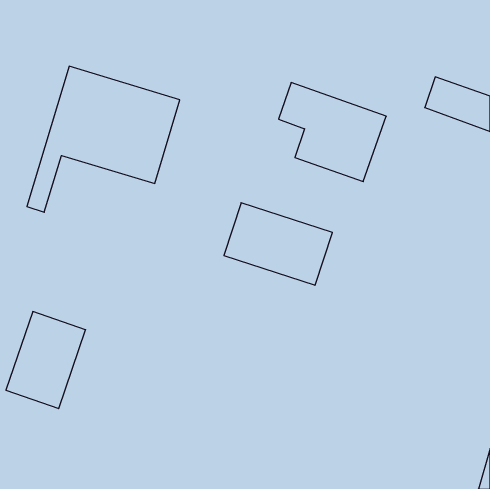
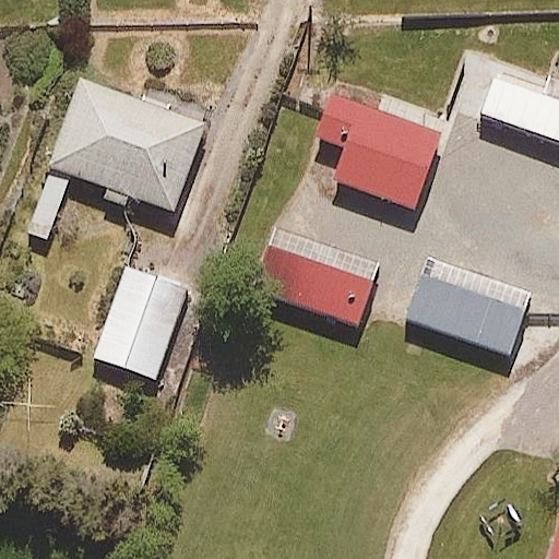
building: none -> [405,266,526,354]
building: [6,312,86,409] -> [95,266,186,377]

